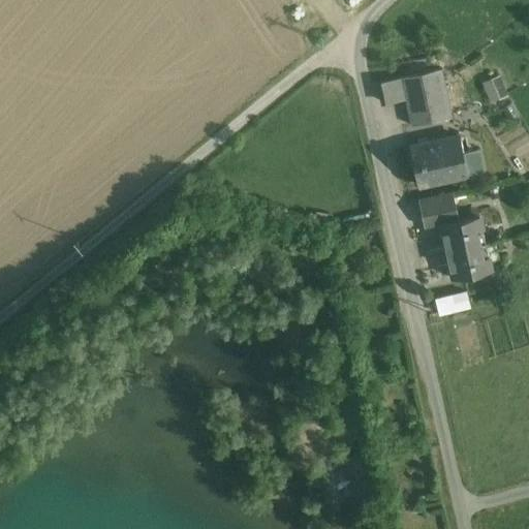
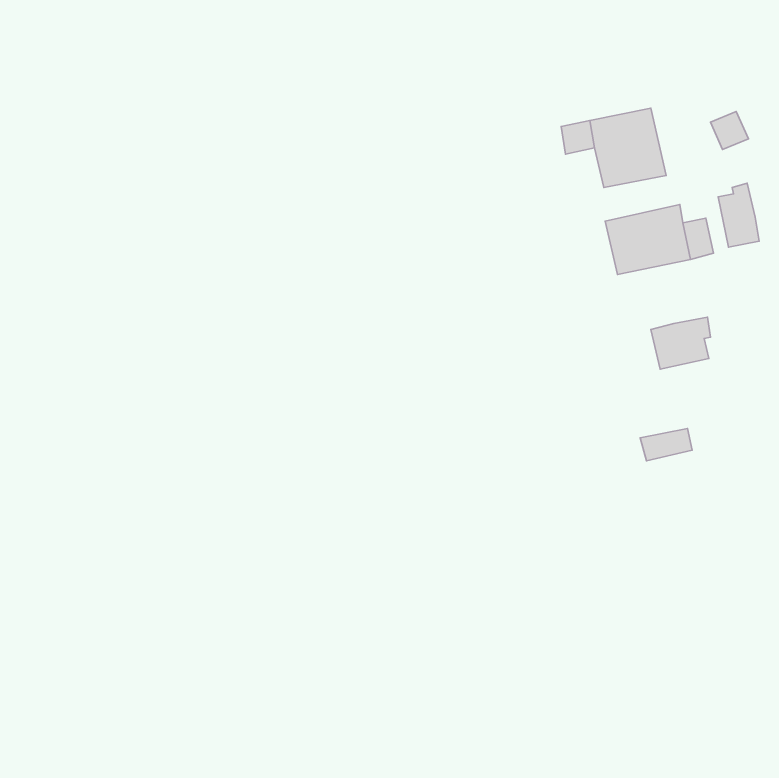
building: none -> [718,183,759,247]
building: [419,191,457,227] -> none
building: [447,244,491,279] -> none

